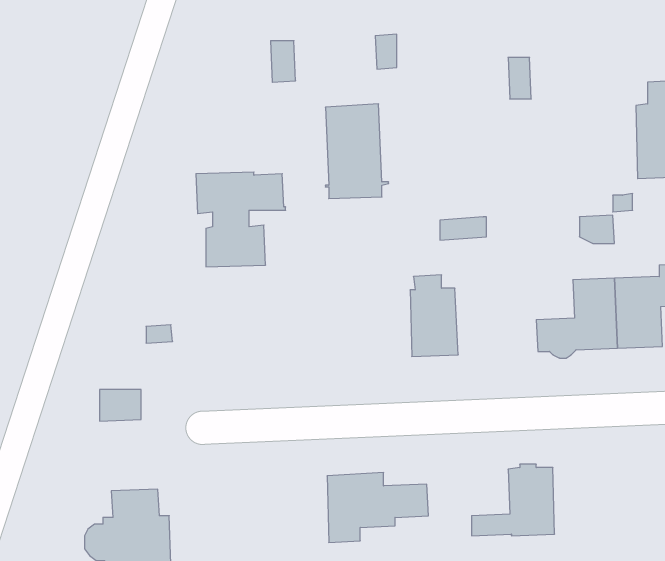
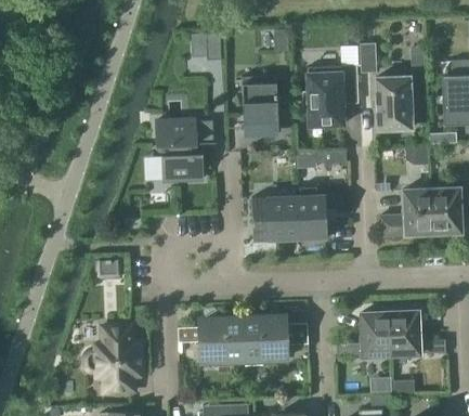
building: none -> [302,65,357,126]
building: none -> [376,77,415,130]
building: none -> [251,196,298,242]
building: none -> [390,308,445,355]
building: none -> [178,317,244,361]

